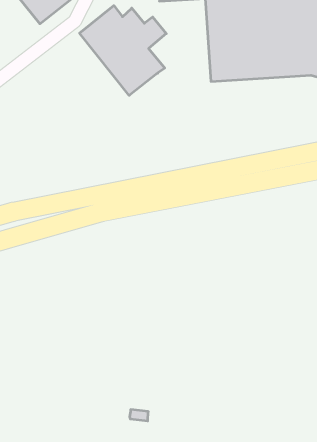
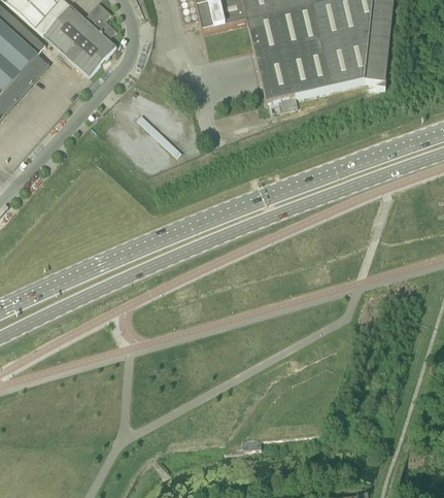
building: [80,6,166,95] -> none

